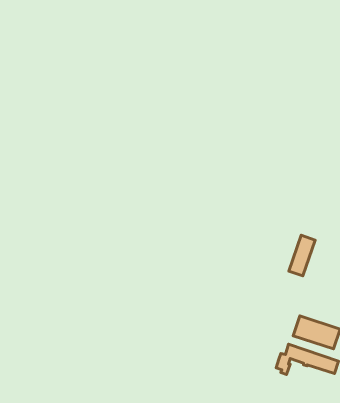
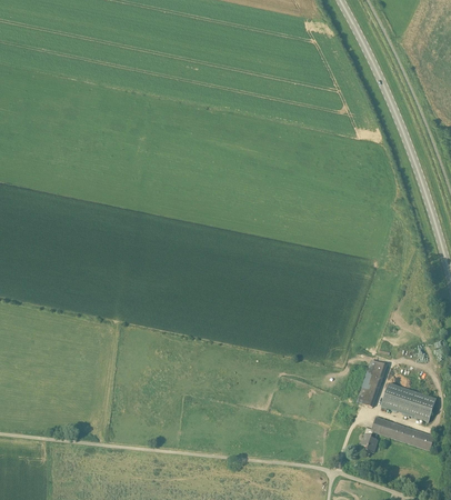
building: [289,235,315,276] -> [355,359,387,407]

